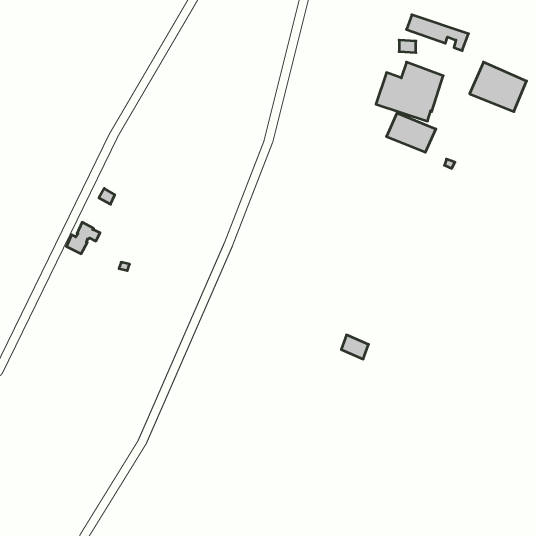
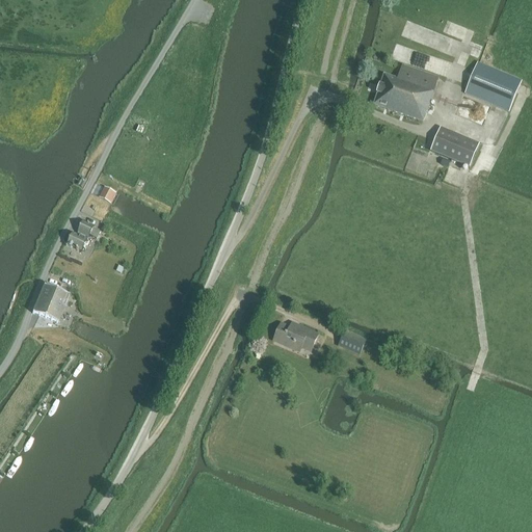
building: [386,113,436,152] -> [429,127,478,165]
building: none -> [31,284,69,322]
building: none -> [272,322,317,350]

